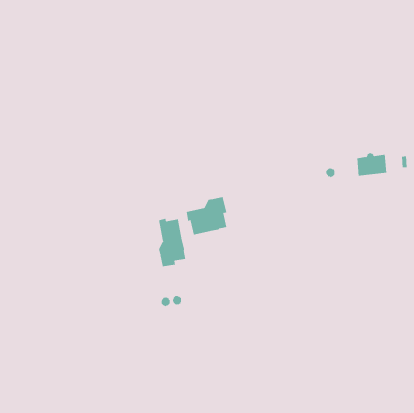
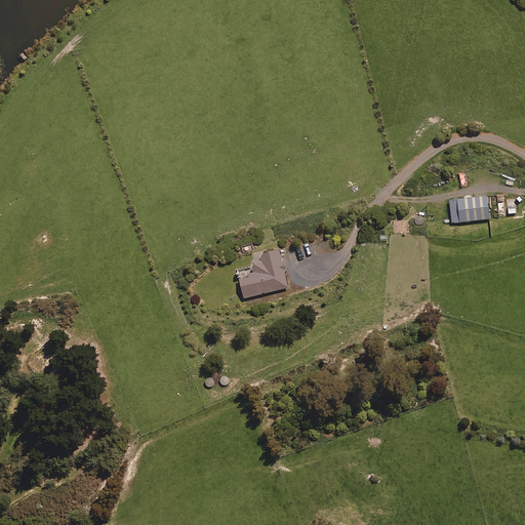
building: [158,218,186,267] -> none

